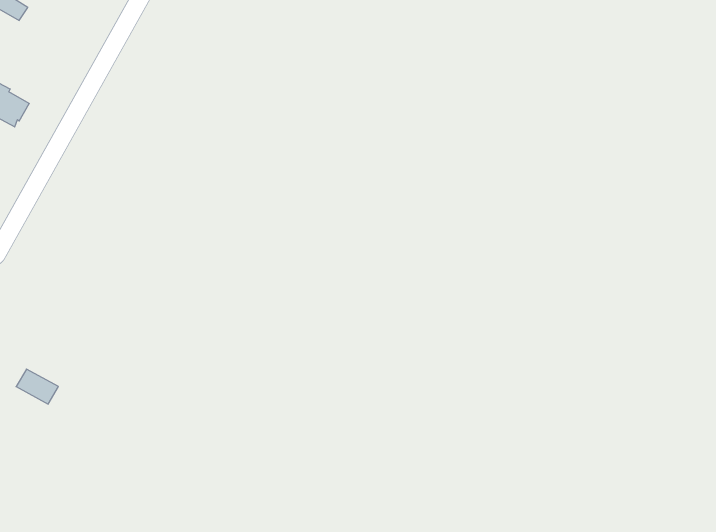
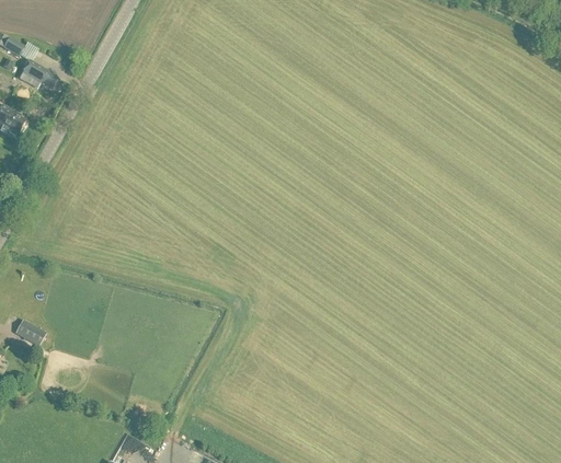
building: none -> [21,60,56,89]

